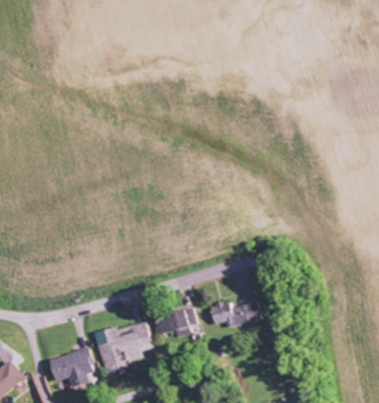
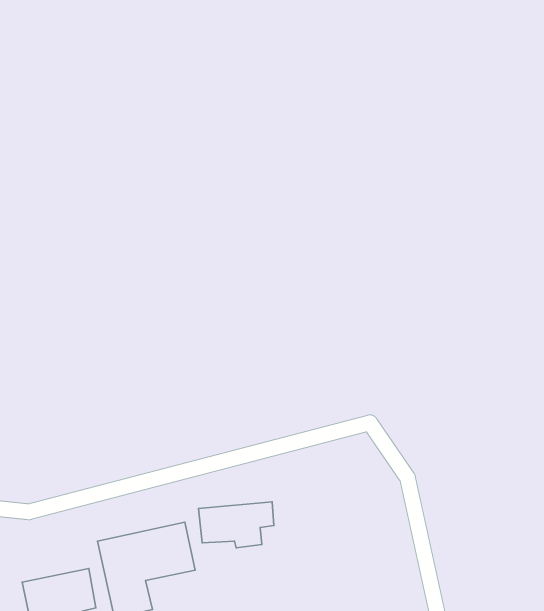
building: [211,302,265,328] -> none

